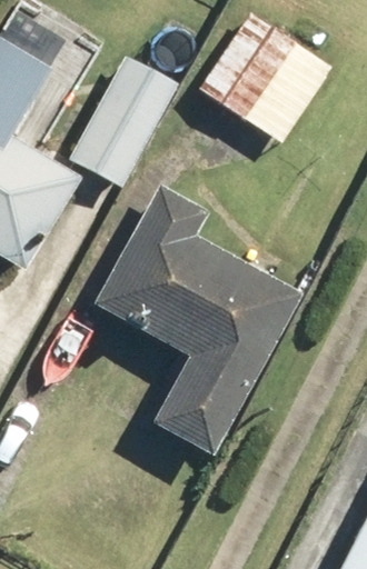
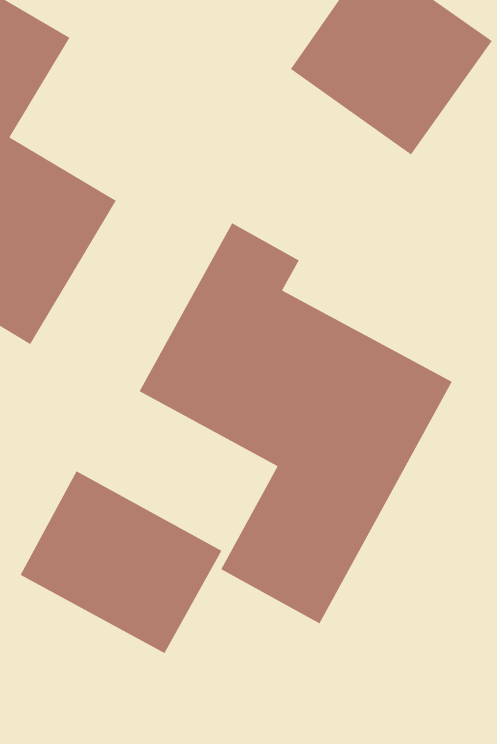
building: [69,54,178,188] -> none
building: none -> [19,470,222,654]

